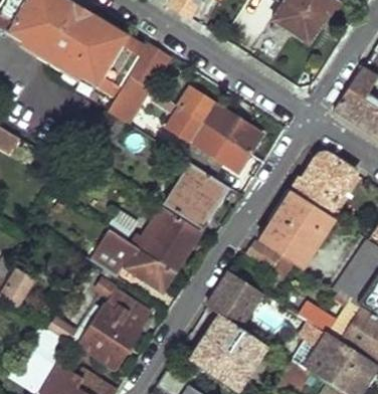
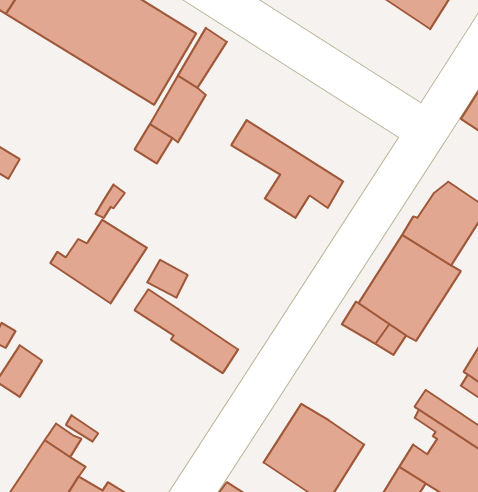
building: [178,89,261,154] -> none
building: [164,164,228,229] -> none
building: [131,214,200,274] -> [50,220,147,304]
building: [207,271,261,326] -> none
building: [78,283,151,370] -> none

